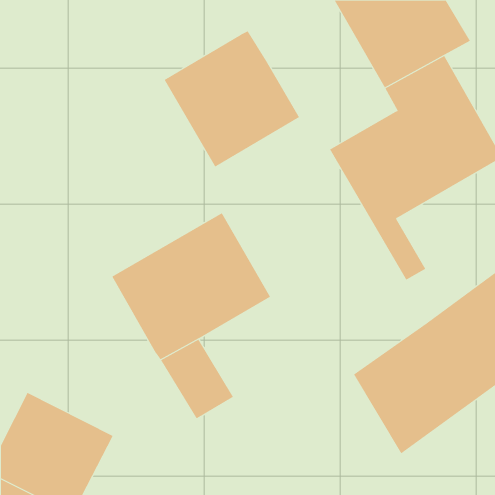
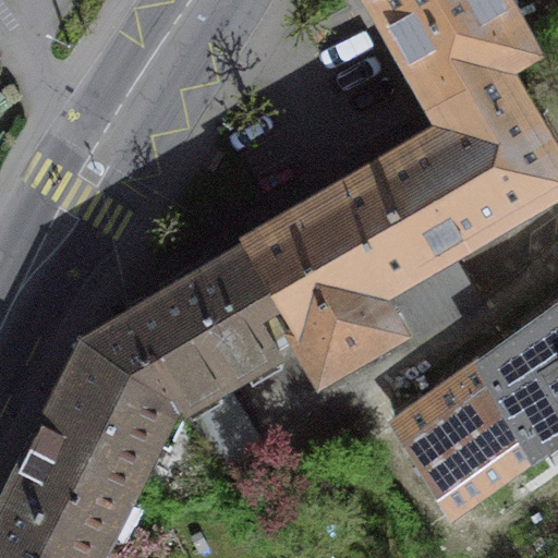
building: [164,31,300,167] -> none
building: none -> [251,169,457,368]
building: none -> [32,312,175,490]

